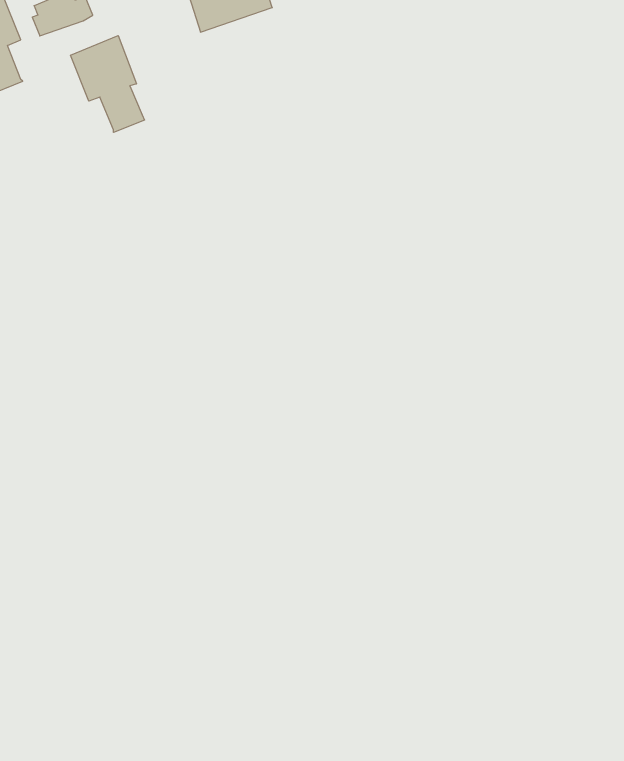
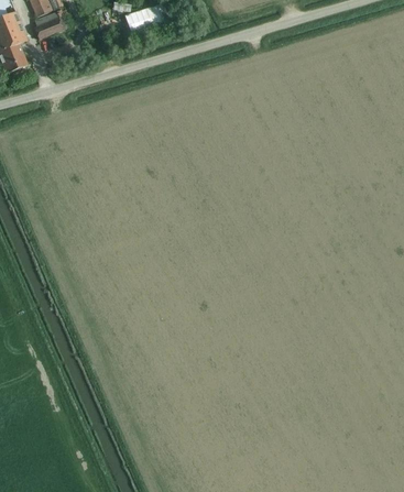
building: [71,36,144,132] -> none

